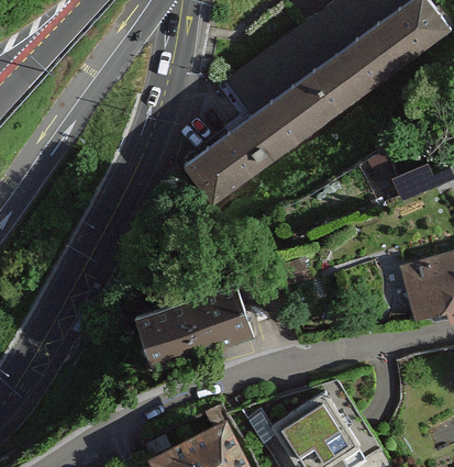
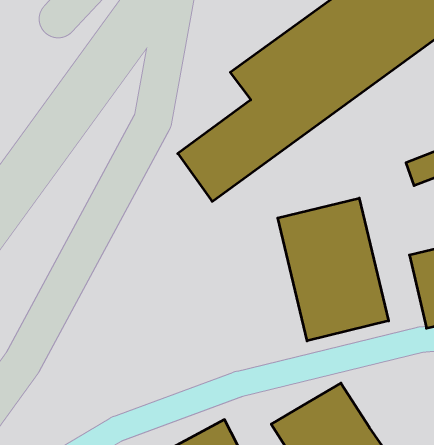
building: none -> [278,198,389,341]
building: [131,287,251,374] -> none

